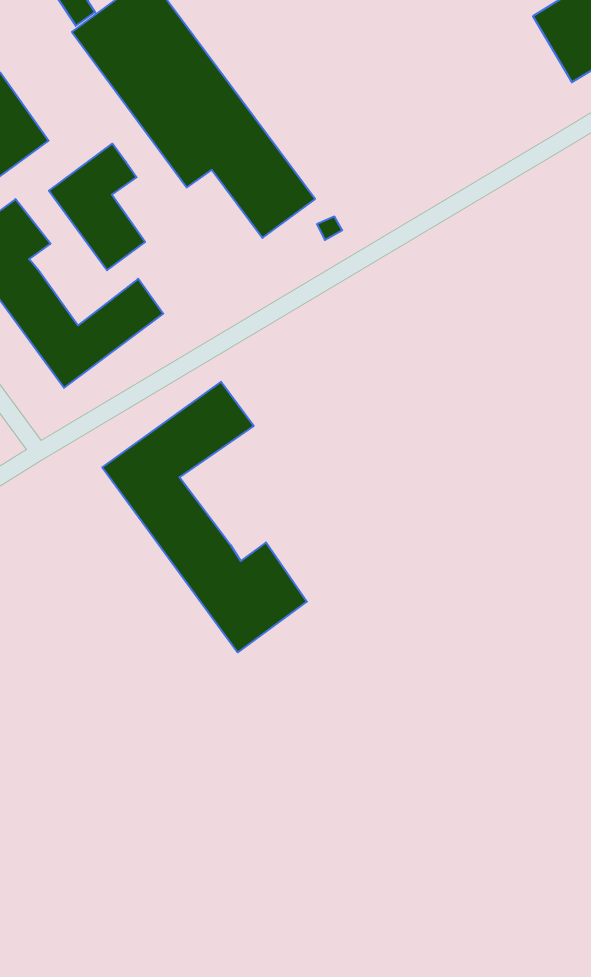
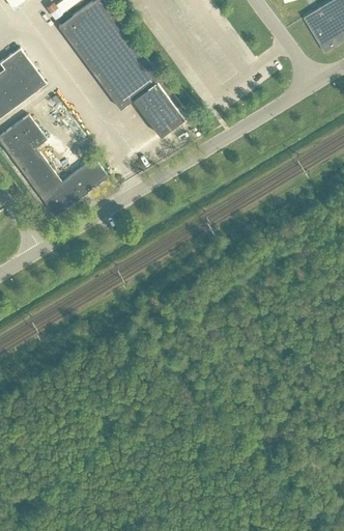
building: [49,144,145,270] -> none
building: [102,382,307,652] -> none

